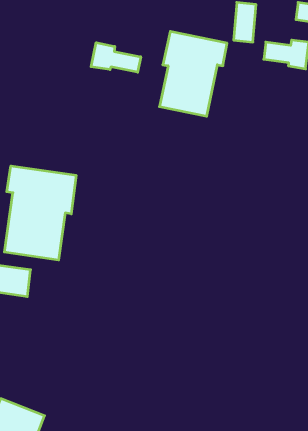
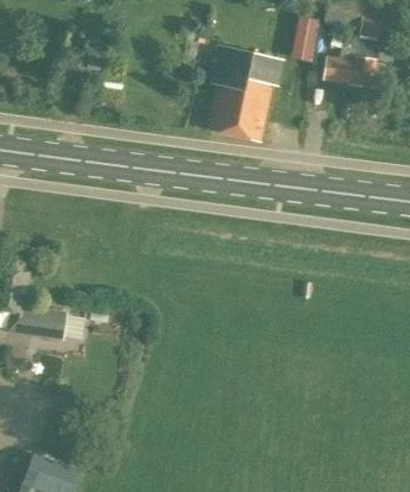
building: [91,43,141,72] -> none
building: [4,166,76,260] -> none

